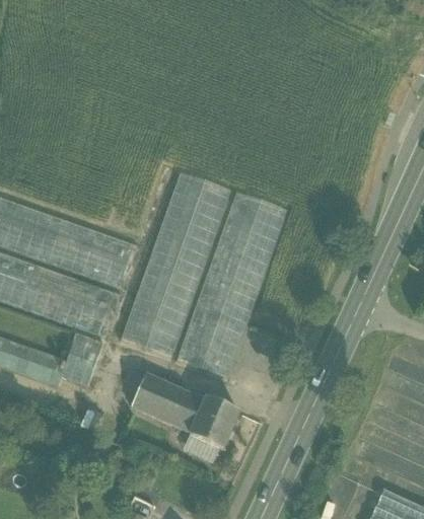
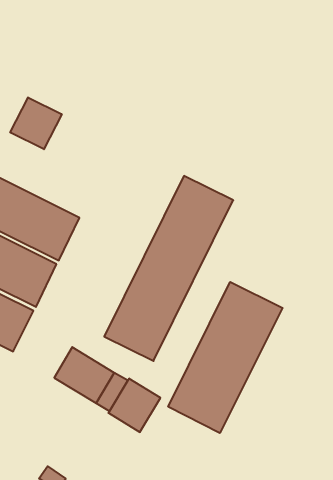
building: none -> [10,97,62,149]
building: [120,172,231,359] -> none
building: none -> [168,282,283,433]

